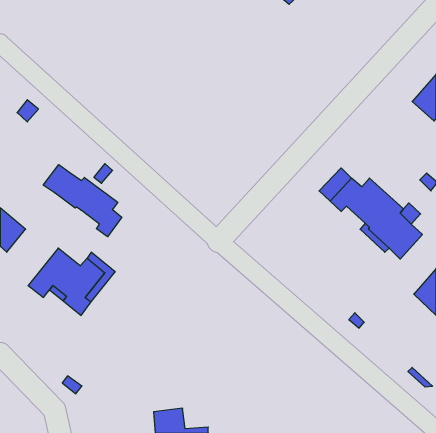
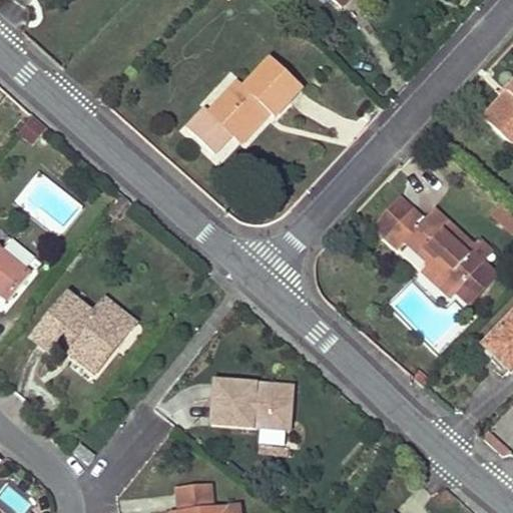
building: none -> [186,59,301,153]
building: [43,165,122,237] -> none
building: none -> [211,382,293,428]

